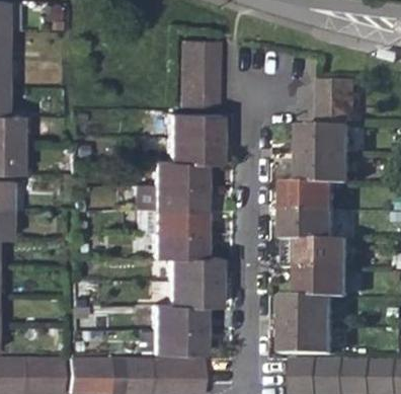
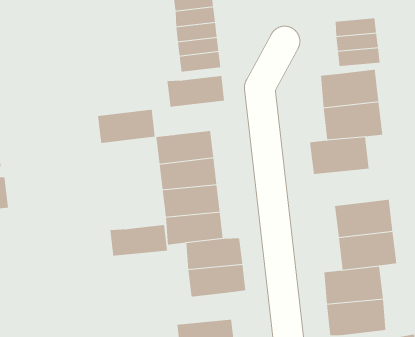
building: [171,138,220,162] -> [97,109,156,143]
building: [289,211,338,240] -> none
building: [155,304,204,328] -> [109,224,168,256]

